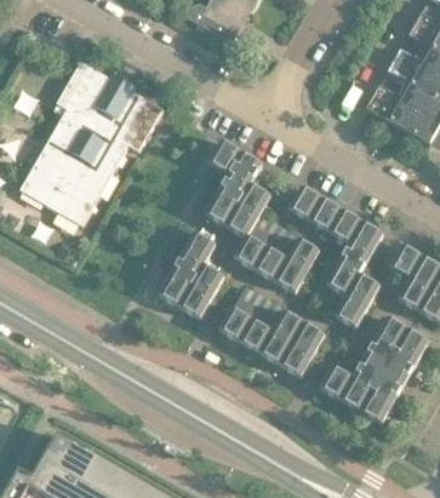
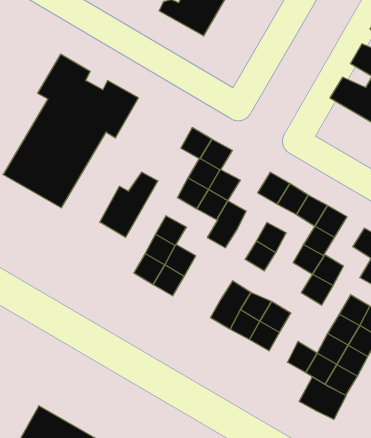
building: none -> [100,172,158,237]
building: [255,227,298,277] -> none
building: [218,288,262,339] -> none
building: none -> [299,377,346,419]

